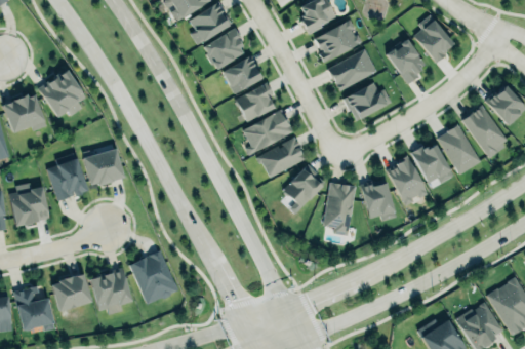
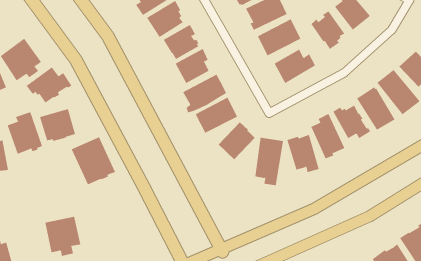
building: none -> [26,67,72,104]
building: [129,250,179,305] -> [71,136,116,185]
building: [51,275,91,312] -> none

